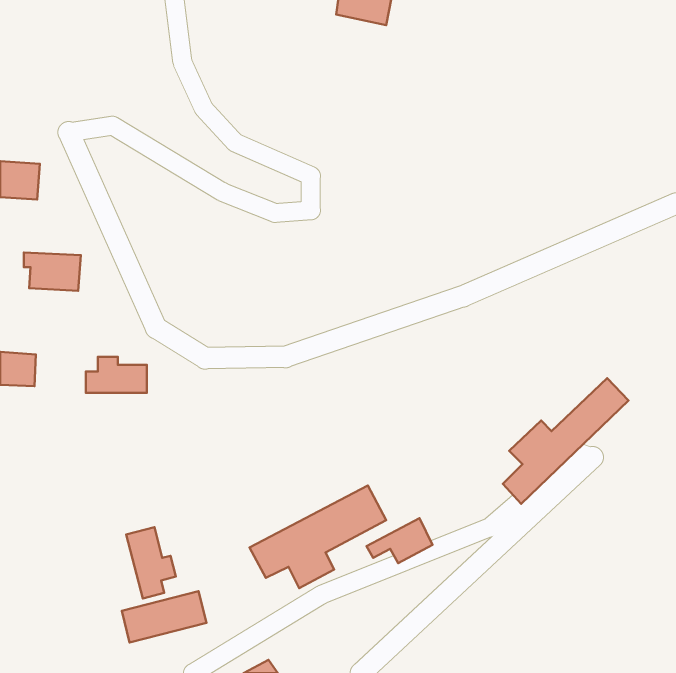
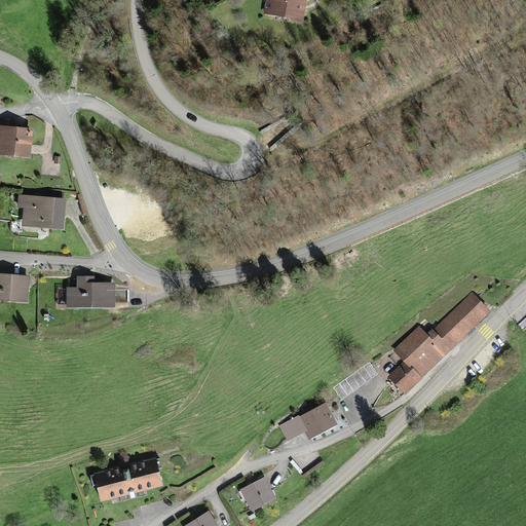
building: [249,486,386,588] -> none
building: [126,527,176,598] -> none
building: none -> [241,478,274,510]

